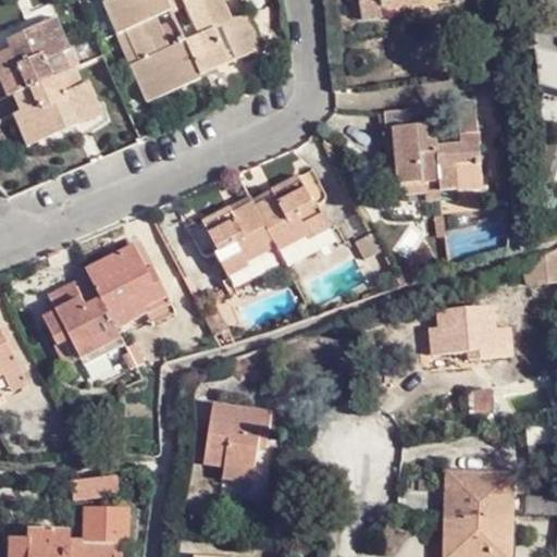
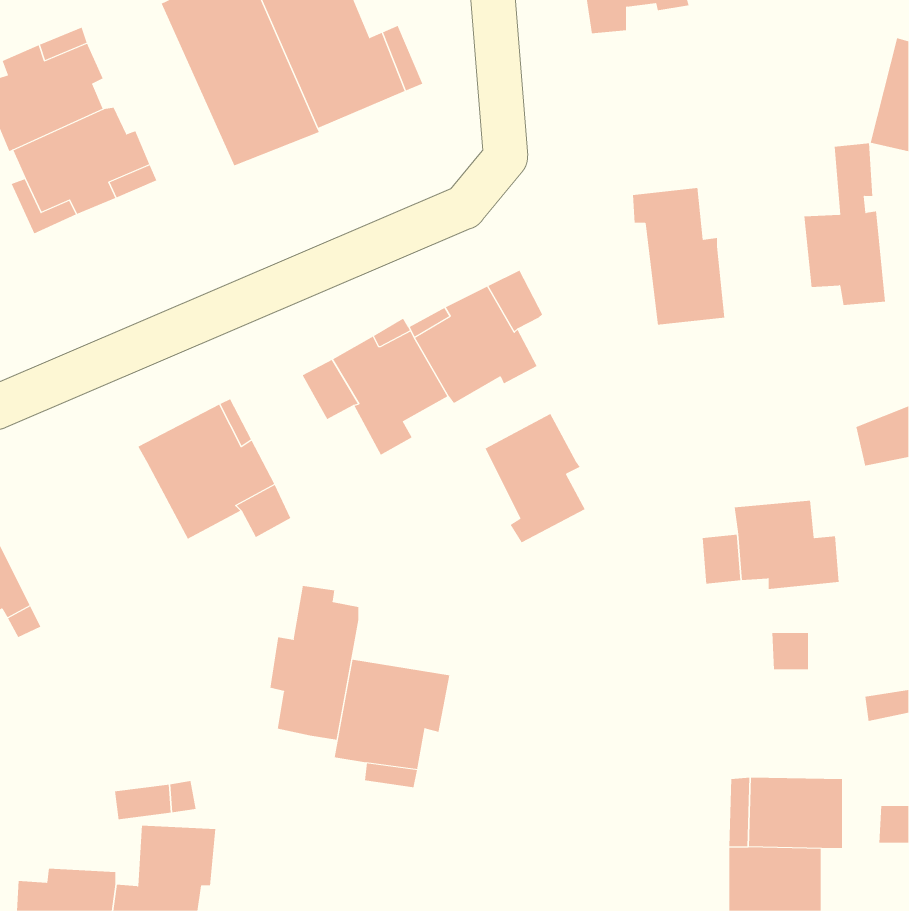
building: [437,106,487,205] -> [804,143,886,305]
building: none -> [485,413,585,543]
building: [39,282,122,368] -> none
building: none -> [270,585,359,741]

